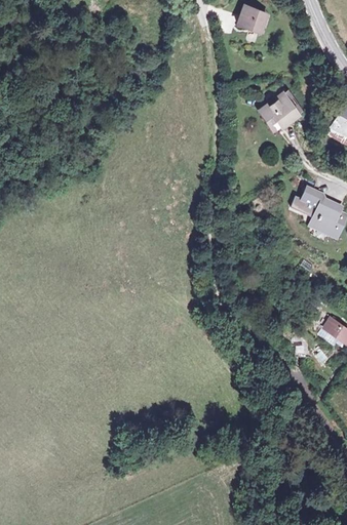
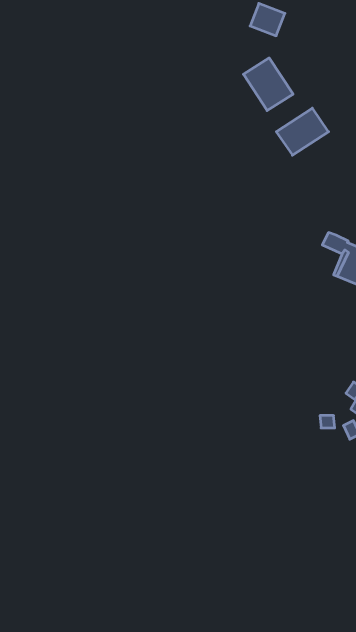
building: none -> [243,58,293,111]

